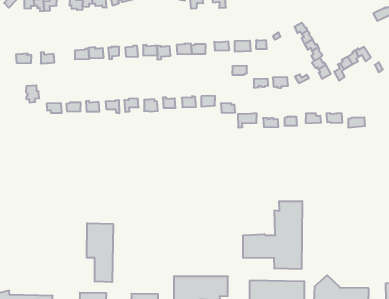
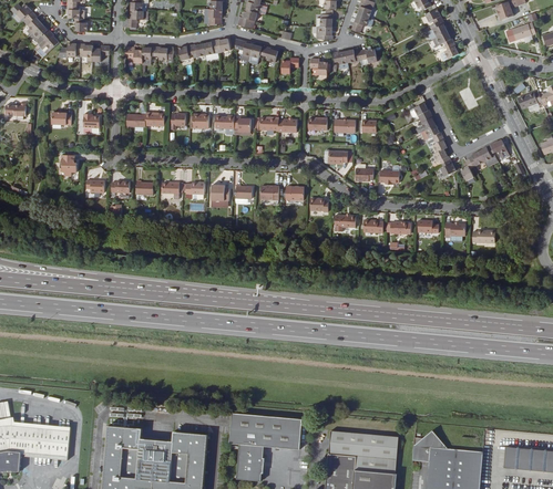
building: [243,201,302,269] -> none
building: [87,223,113,282] -> none

